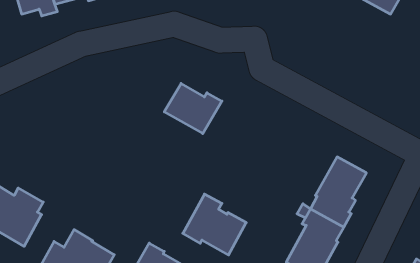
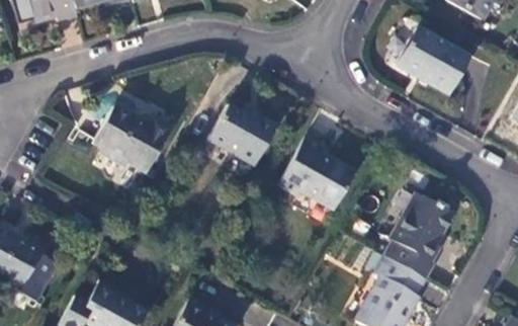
building: none -> [395,26,469,94]
building: none -> [92,103,171,173]
building: [183,194,246,255] -> [277,137,354,211]

